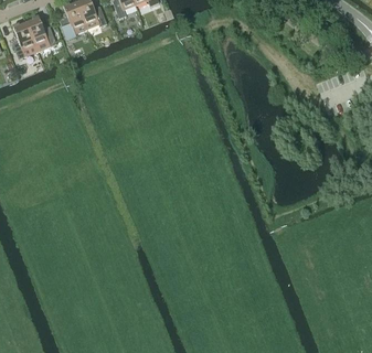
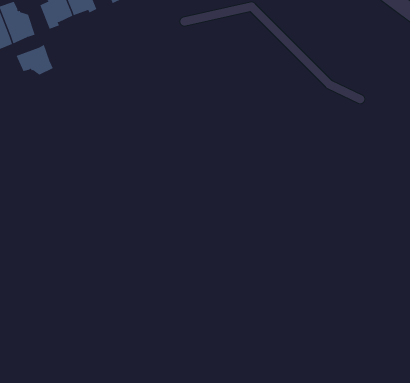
building: none -> [16,44,54,76]

